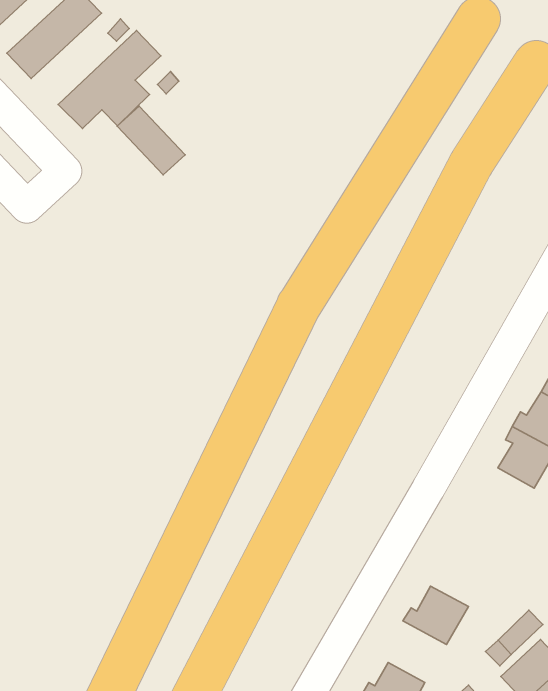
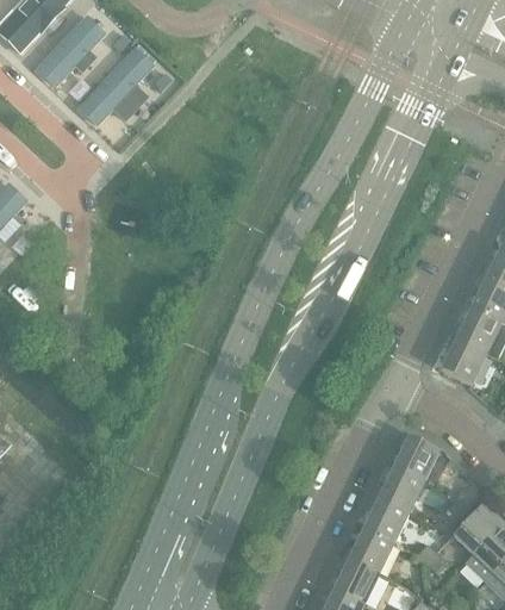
building: [117,106,185,175] -> none
building: none -> [393,436,438,484]
building: none -> [363,498,409,546]

